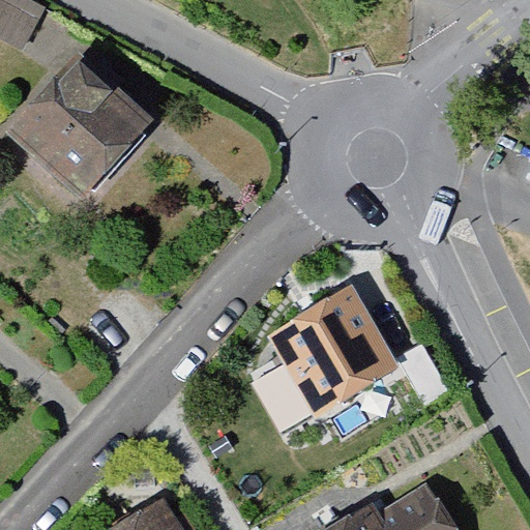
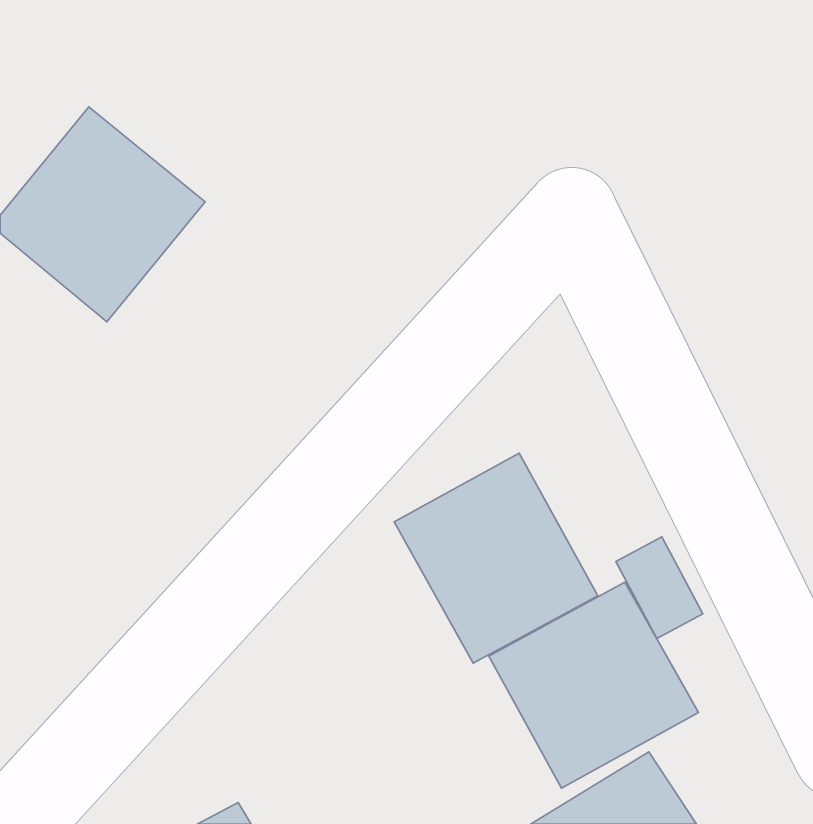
building: none -> [489,582,698,788]

